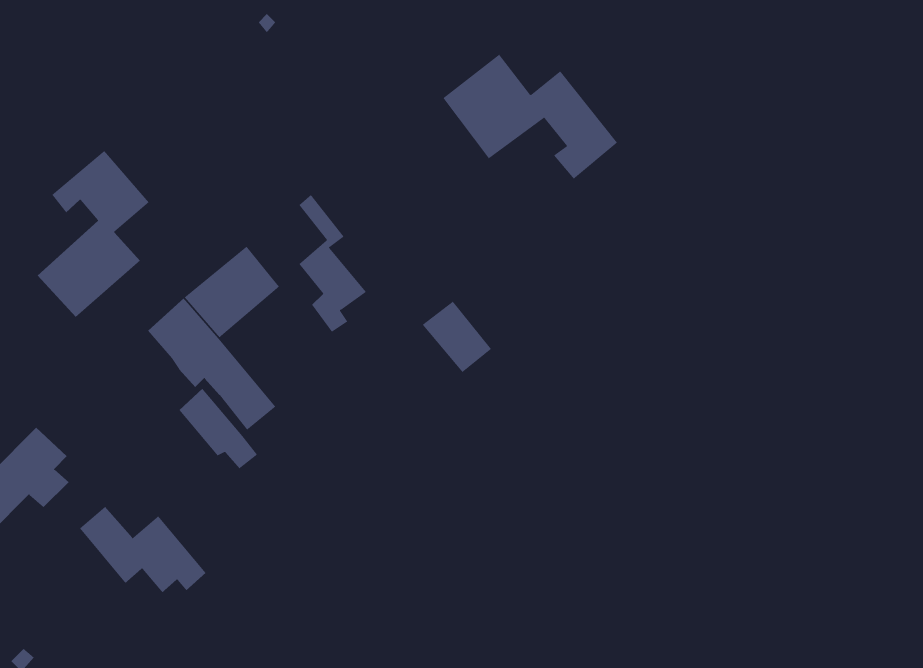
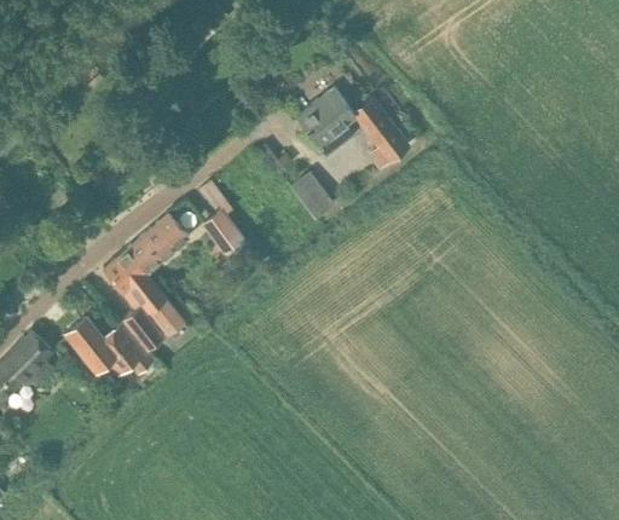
building: [37,150,150,318] -> none
building: [422,301,492,373] -> [289,172,335,219]
building: [79,506,207,593] -> [65,318,149,375]

